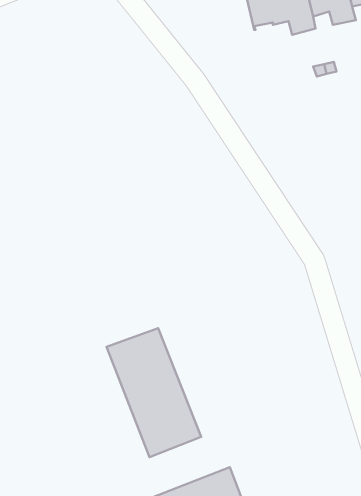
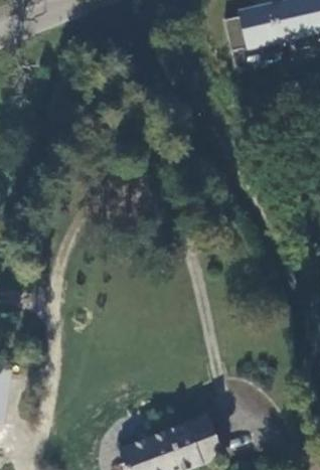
building: [107,328,201,457] -> none

